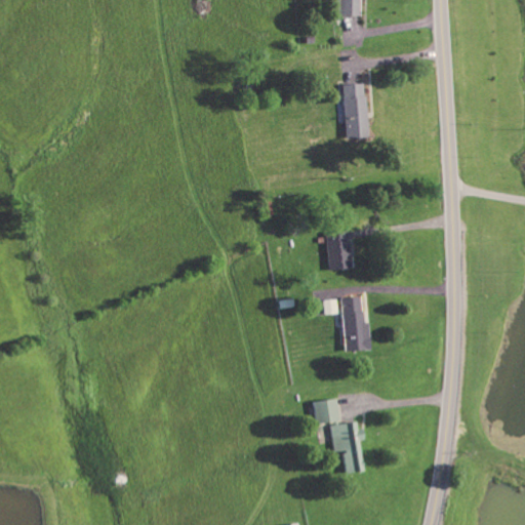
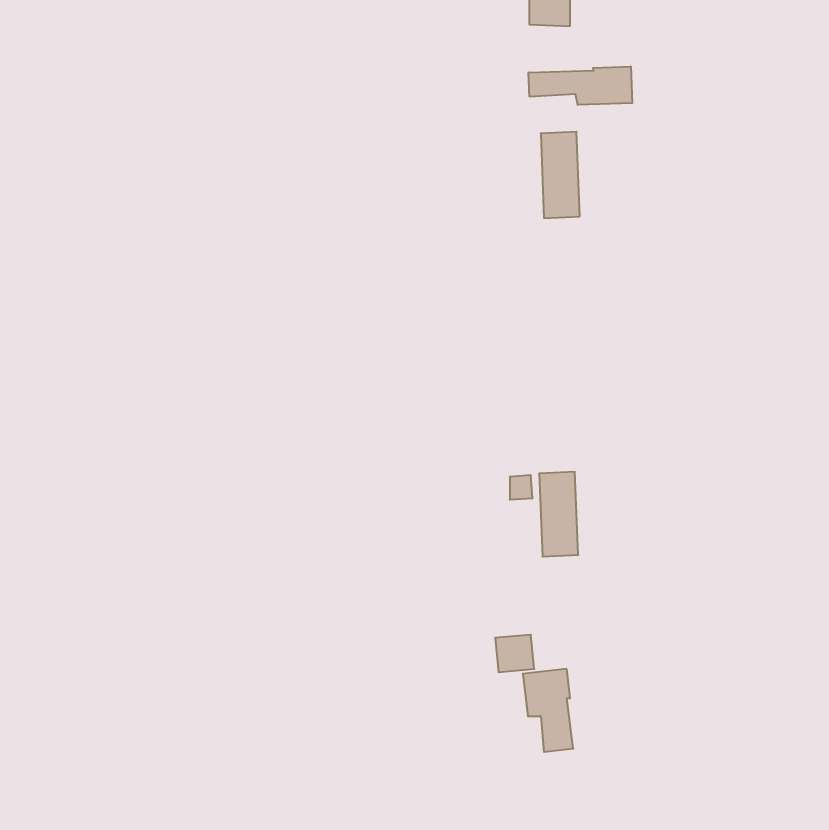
building: none -> [529,66,632,105]
building: [326,231,350,270] -> none

